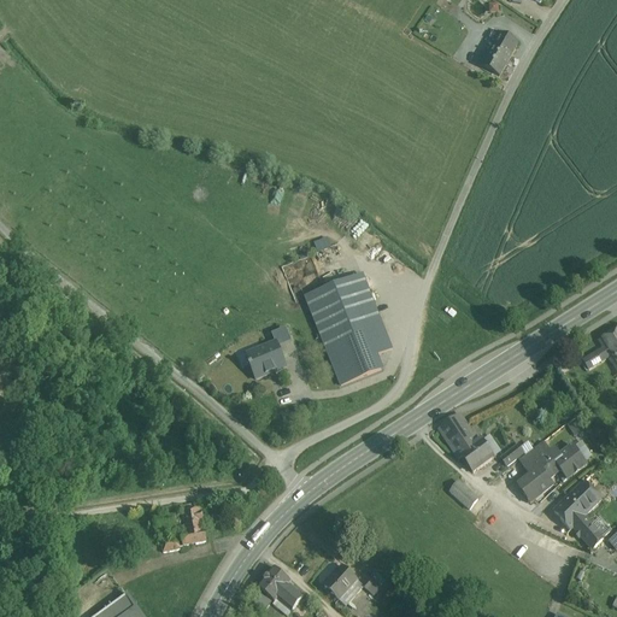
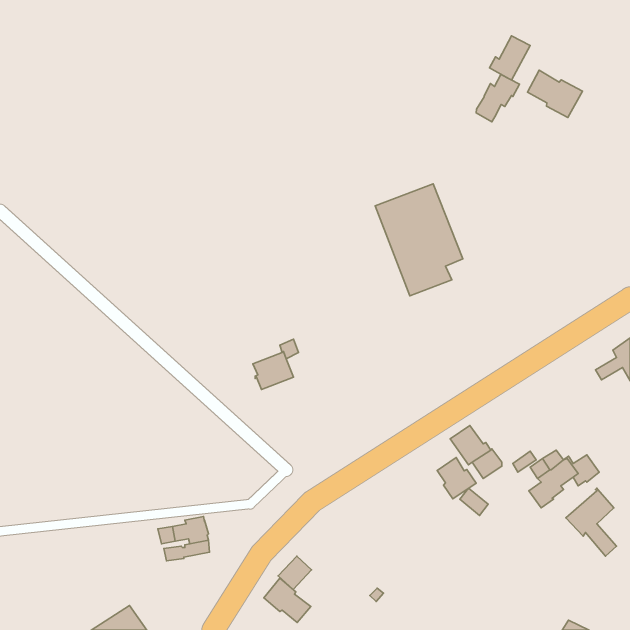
building: none -> [527,70,583,118]
building: none -> [476,74,519,122]
building: [306,276,392,386] -> [375,184,463,296]
building: none -> [437,457,476,499]
building: [324,564,357,597] -> [278,556,312,589]

